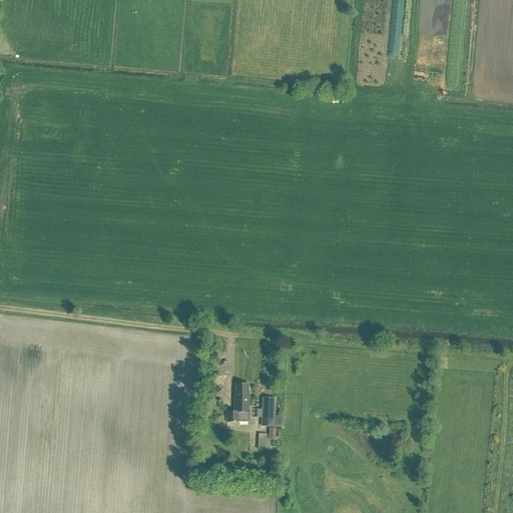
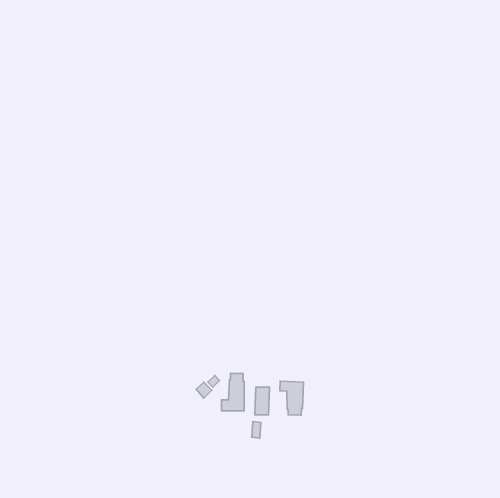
building: none -> [280,381,303,415]

